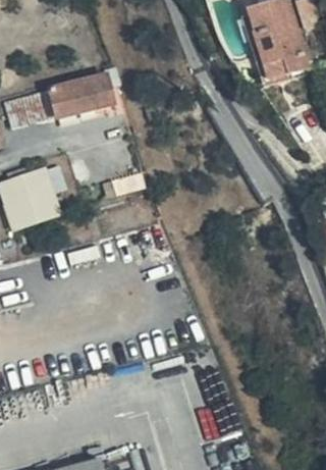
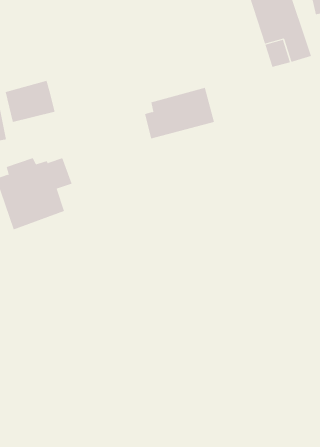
building: [50,74,118,124] -> [144,87,215,139]

